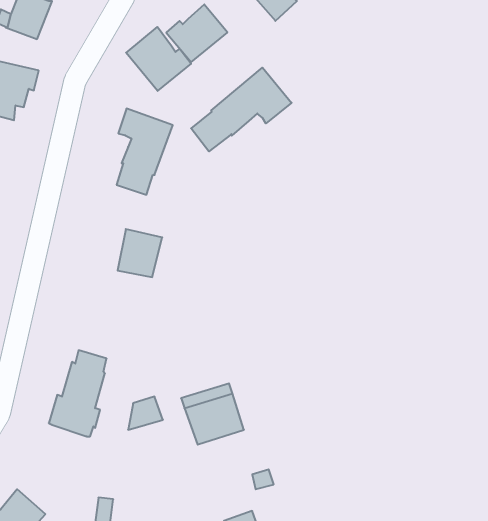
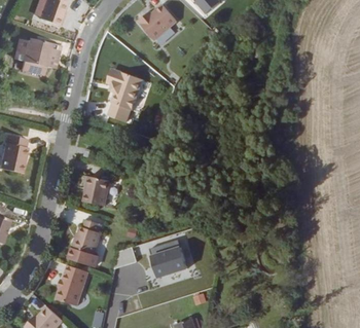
building: [126,27,191,91] -> none
building: [191,68,292,151] -> none
building: [118,229,162,277] -> [82,176,110,206]
building: none -> [56,265,88,306]

